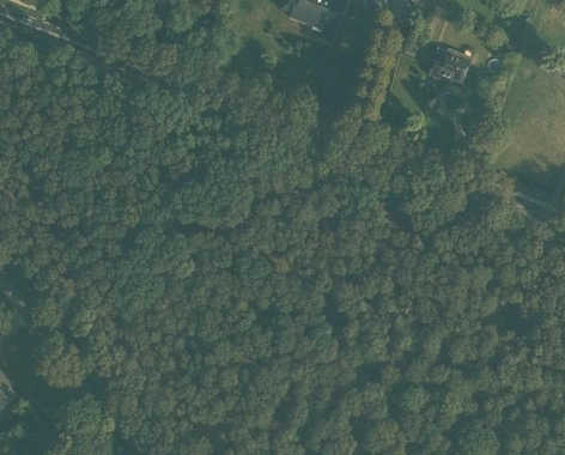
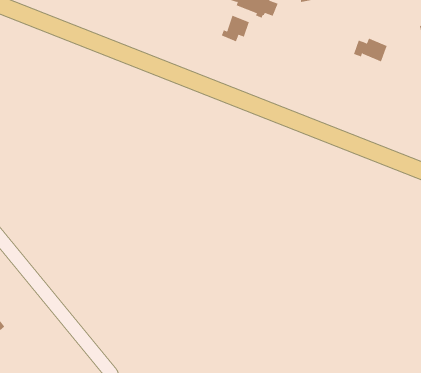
building: none -> [221,15,249,42]

